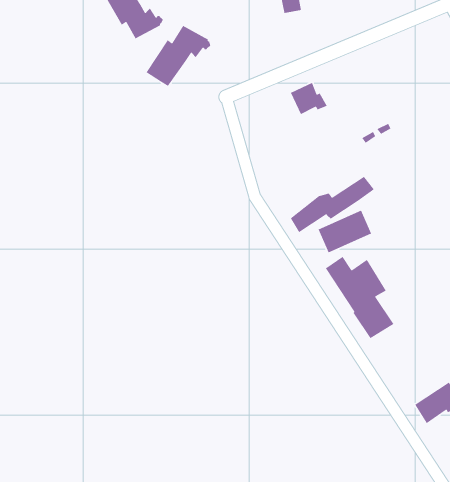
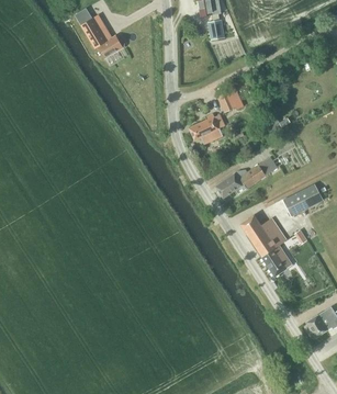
building: [146,25,212,87] -> none
building: none -> [188,112,225,143]
building: [318,210,372,254] -> [284,184,324,216]

